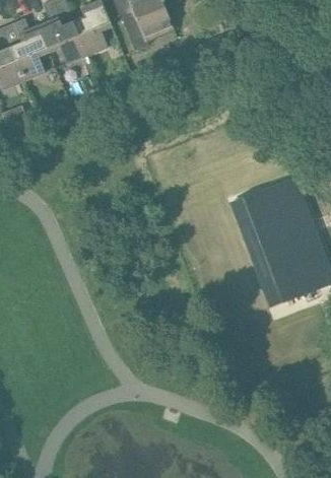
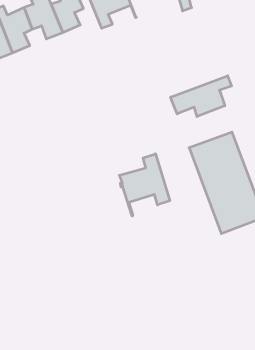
building: none -> [171,76,232,117]
building: none -> [119,154,170,216]

